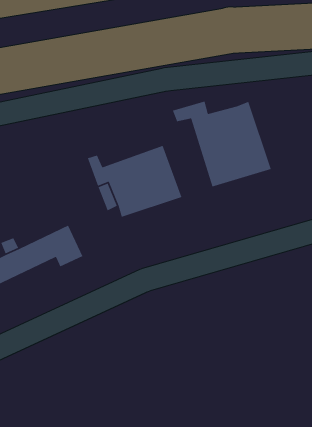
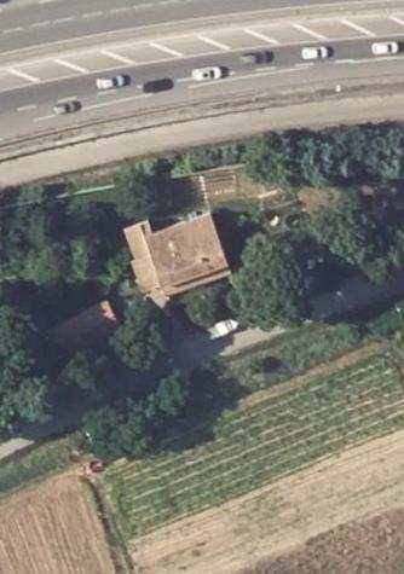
building: [172,100,272,187] -> none

